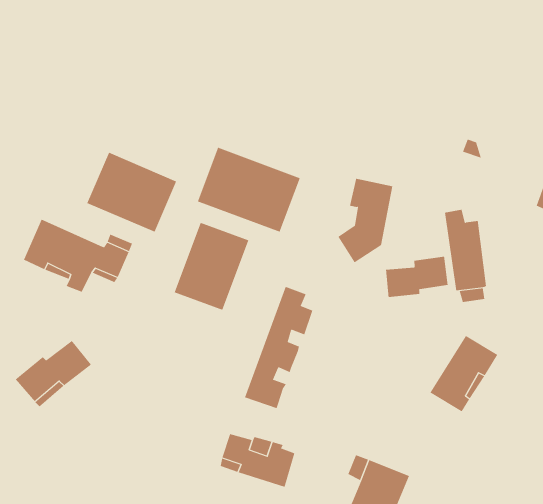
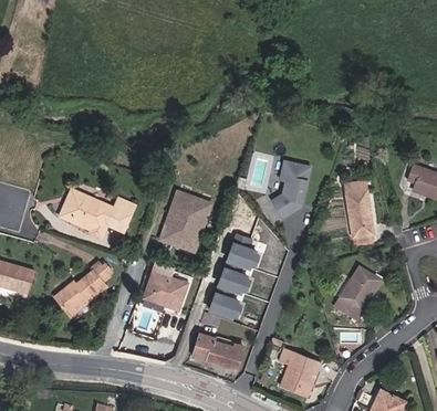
building: [197,147,301,232] -> none
building: [86,152,177,233] -> none
building: [385,256,448,298] -> none
building: none -> [143,272,188,310]

